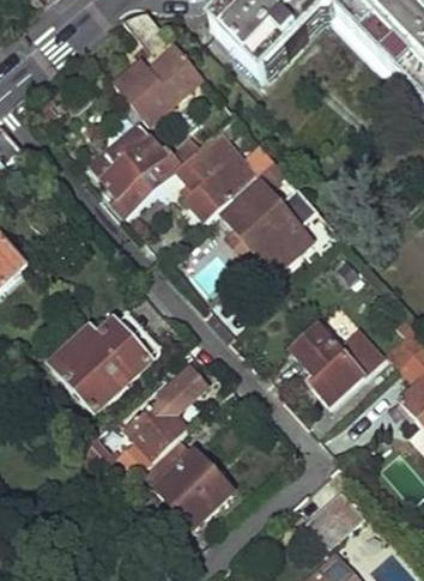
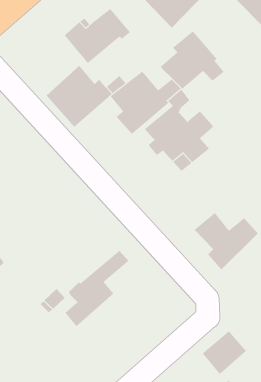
building: none -> [160,30,225,90]
building: [49,325,149,412] -> none
building: [146,440,230,526] -> none

